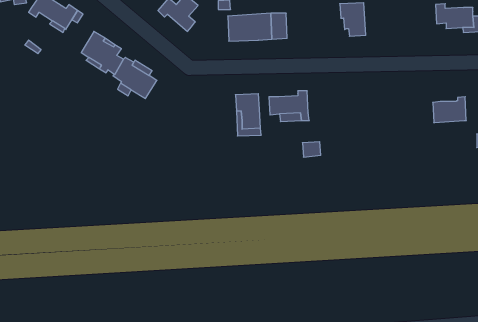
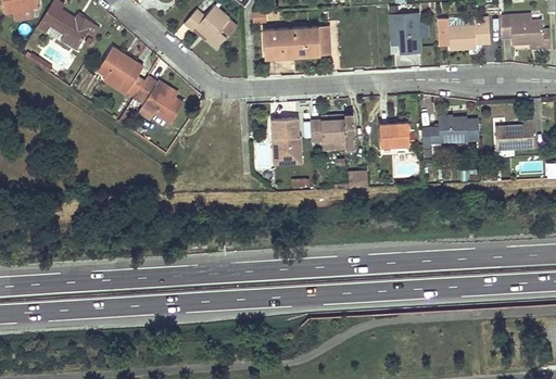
building: none -> [437,17,490,51]
building: none -> [422,115,468,151]
building: none -> [379,123,409,148]

